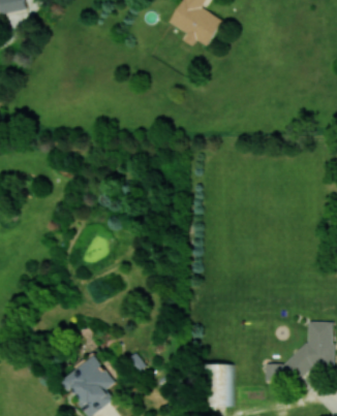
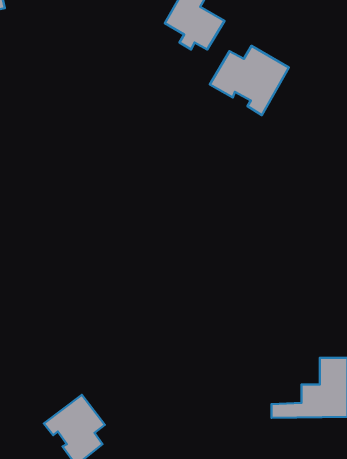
building: none -> [210,46,289,115]
building: [207,363,234,407] -> none

